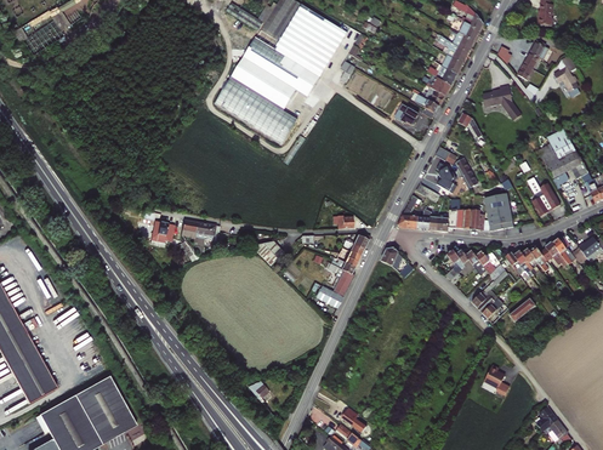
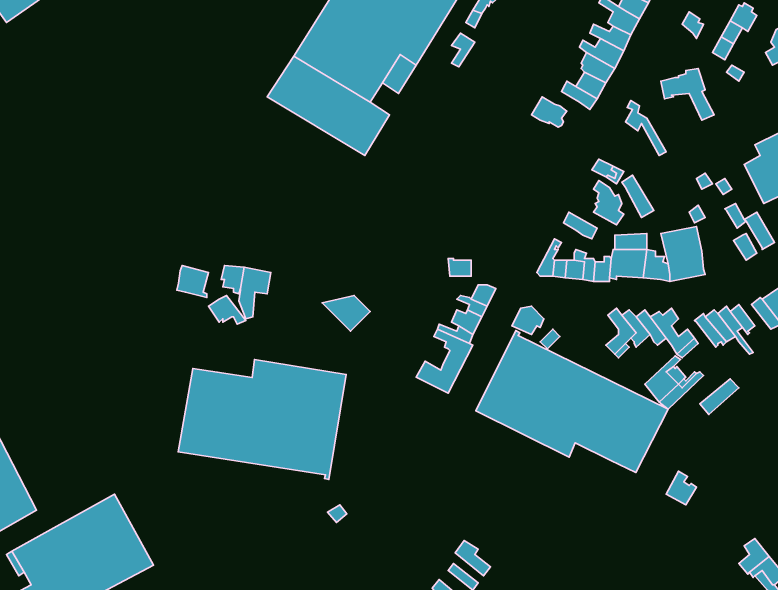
building: none -> [476,331,668,473]
building: none -> [178,360,346,480]

